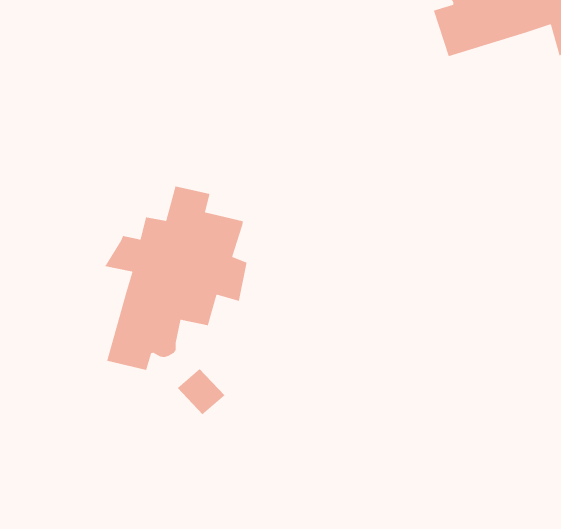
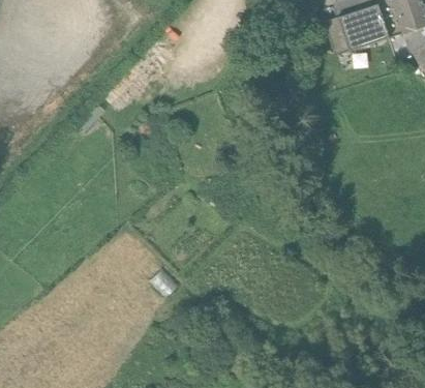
building: [104,186,248,371] -> none

